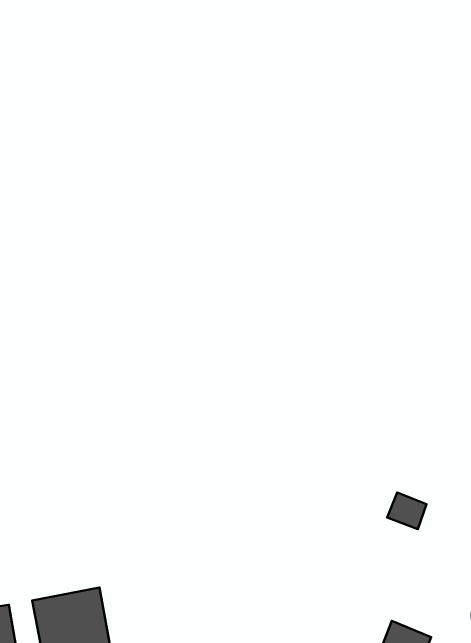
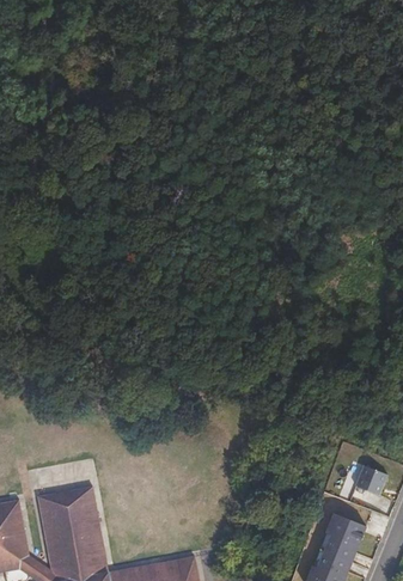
building: [387,492,426,529] -> [352,464,384,494]

